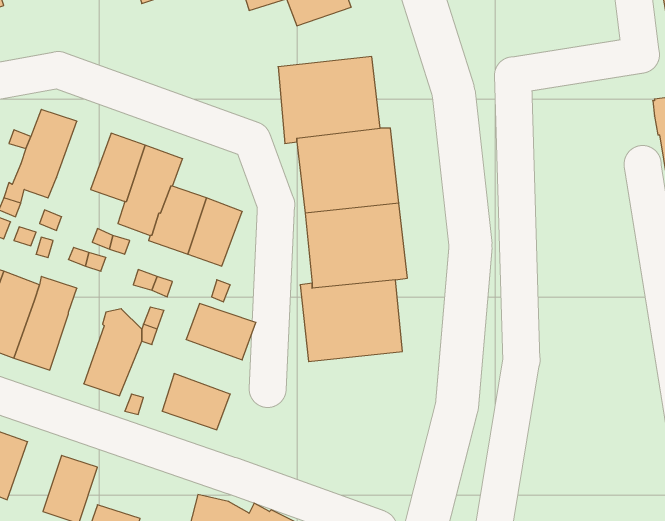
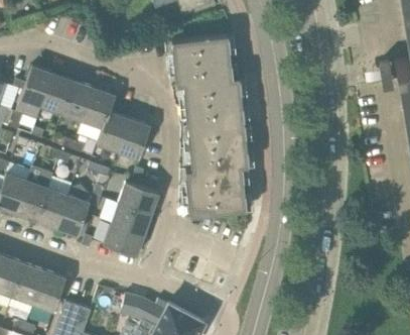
building: none -> [41,73,74,113]
building: none -> [37,187,70,228]
building: none -> [111,202,151,234]
building: none -> [12,262,44,304]

